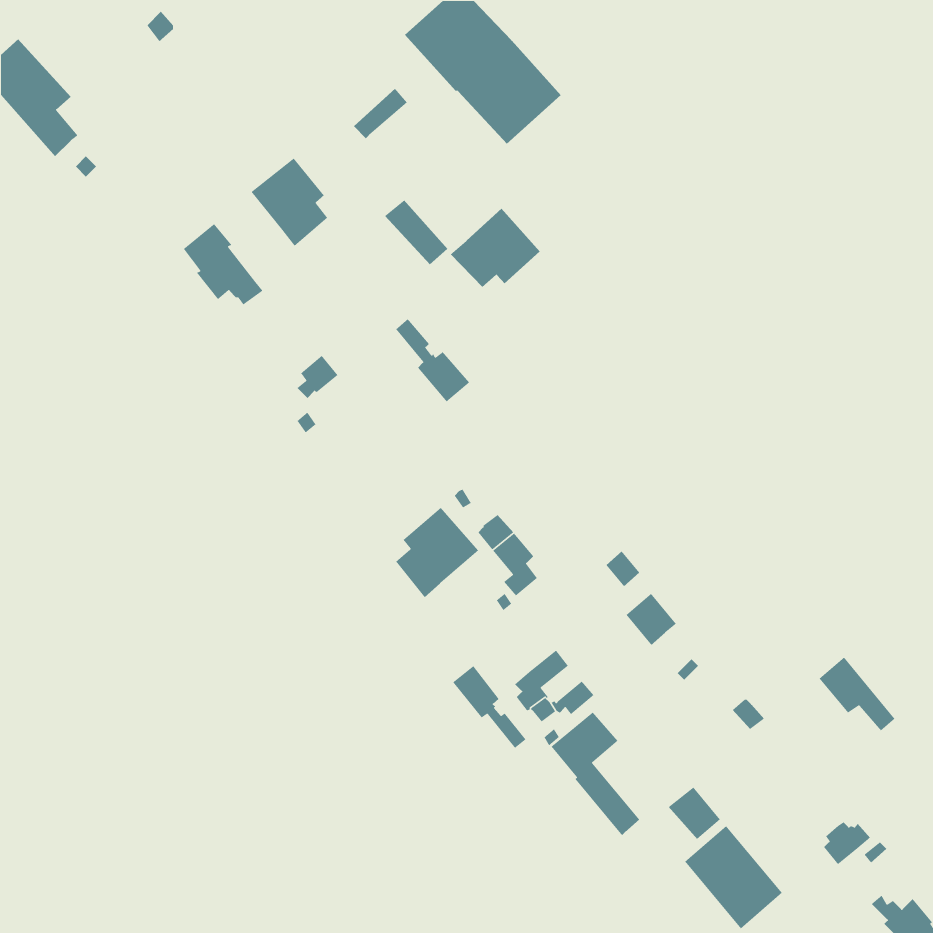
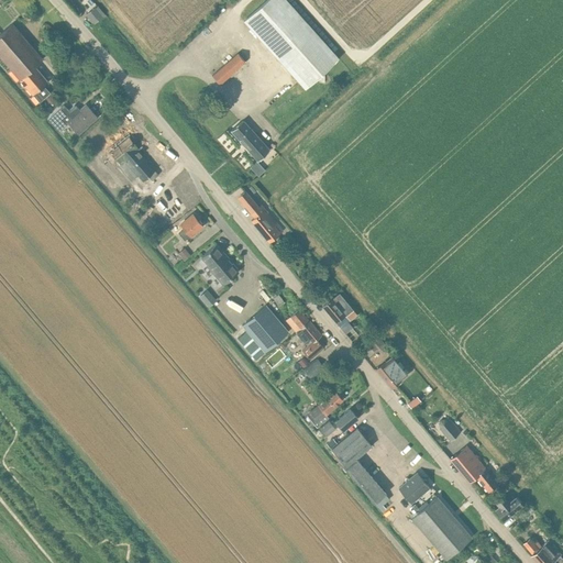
building: [250,157,328,247] -> none
building: none -> [47,106,98,135]
building: [450,208,540,288] -> none
building: none -> [202,245,239,286]
building: none -> [323,294,358,329]
building: [819,657,895,732] -> [452,448,498,493]
building: [452,665,526,749] -> none

